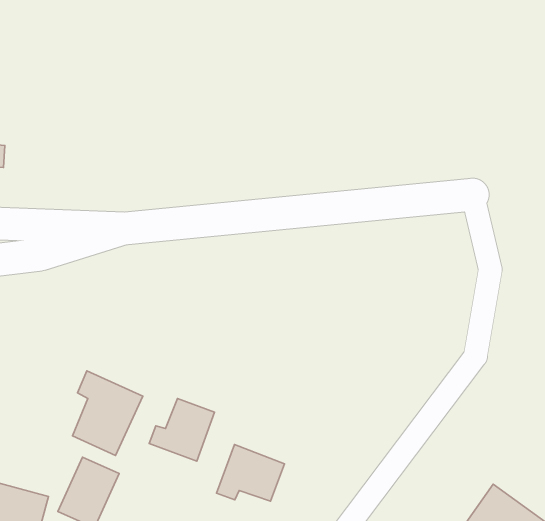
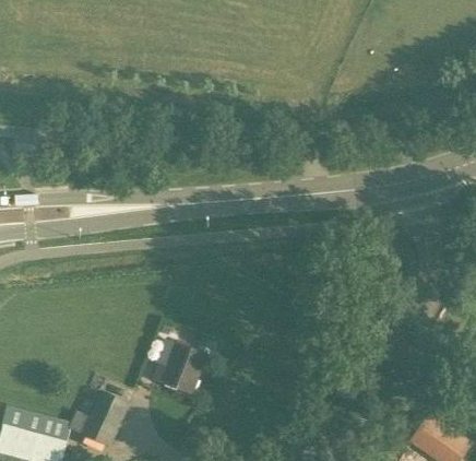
building: [72,371,143,455] -> none
building: [216,445,285,501] -> none

